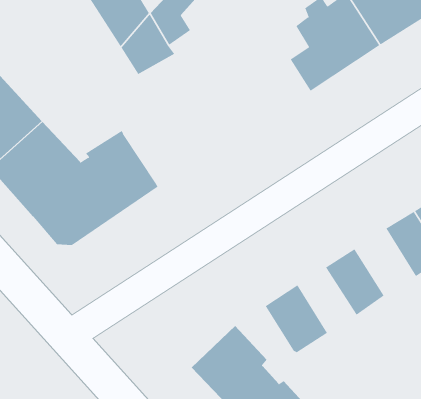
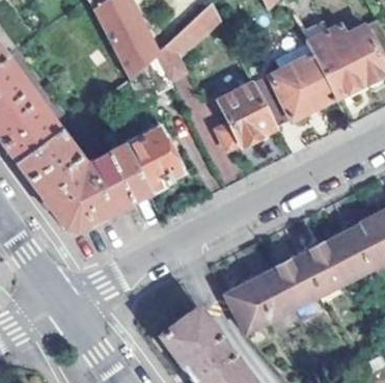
building: none -> [217,81,276,147]
building: none -> [126,129,178,188]
building: none -> [299,241,345,294]
building: none -> [251,267,295,319]

